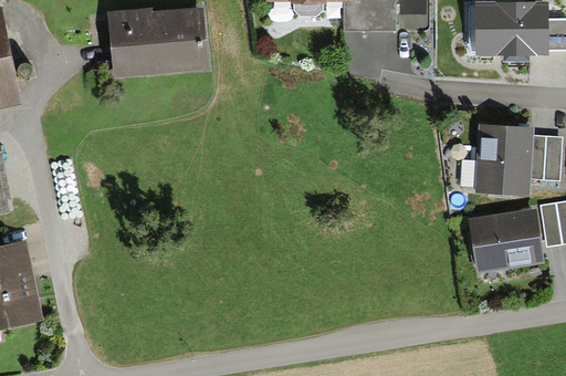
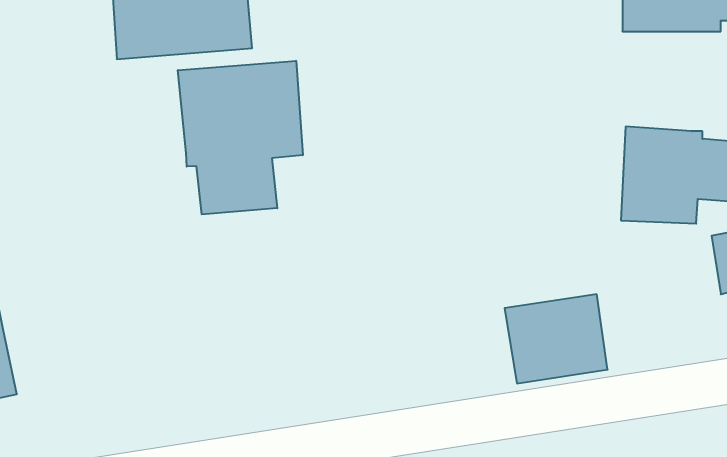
building: none -> [178,61,303,214]
building: [469,208,543,272] -> [505,294,608,383]

